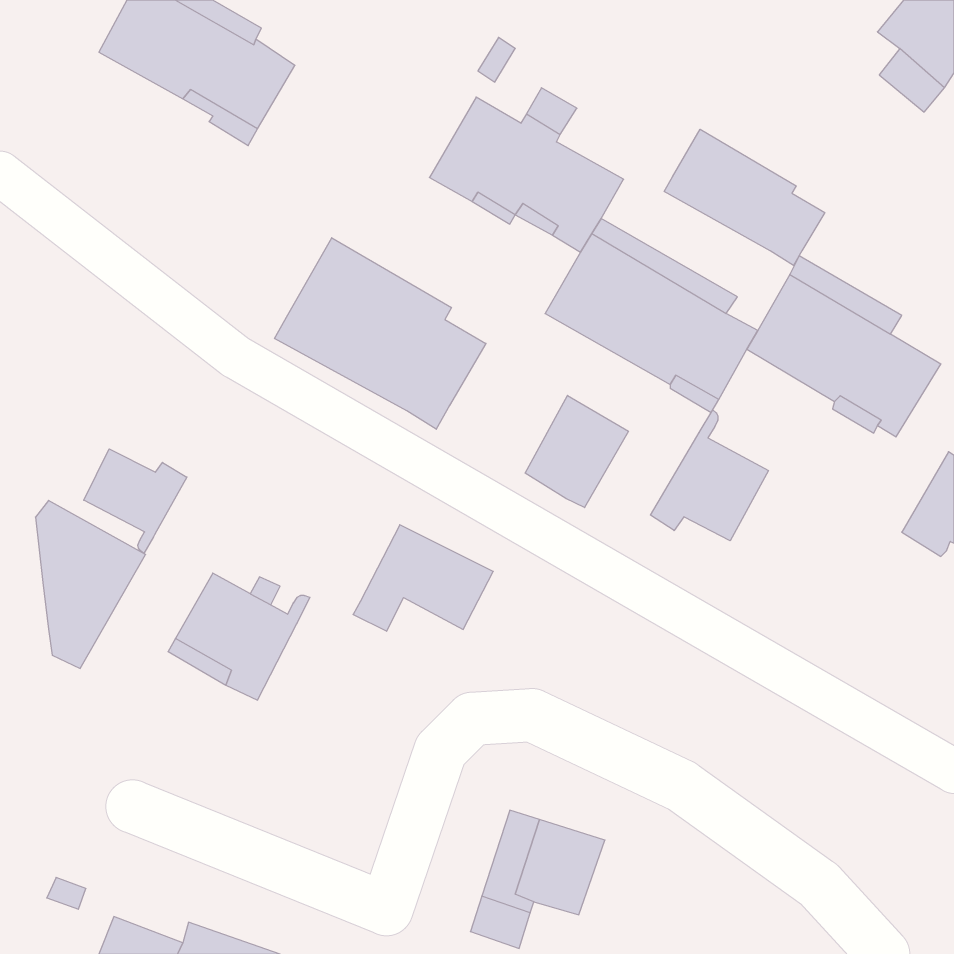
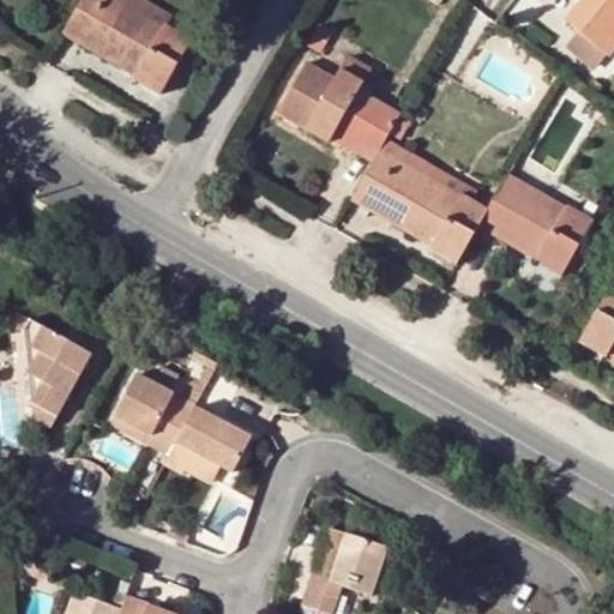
building: [664,129,825,266] -> none
building: [275,238,486,429] -> none
building: [525,395,628,508] -> none
building: [650,410,768,541] -> none
building: [84,449,187,554] -> none
building: [353,525,493,631] -> [161,401,251,469]

